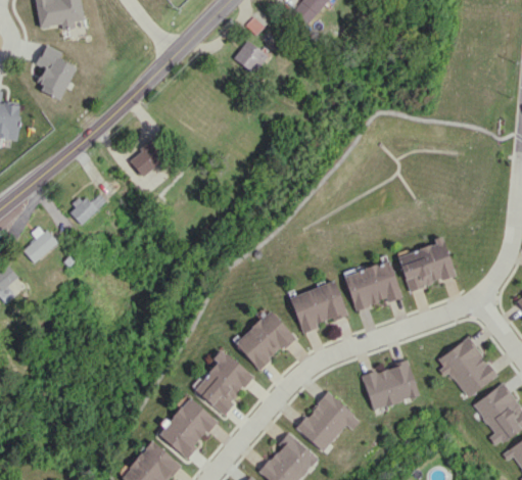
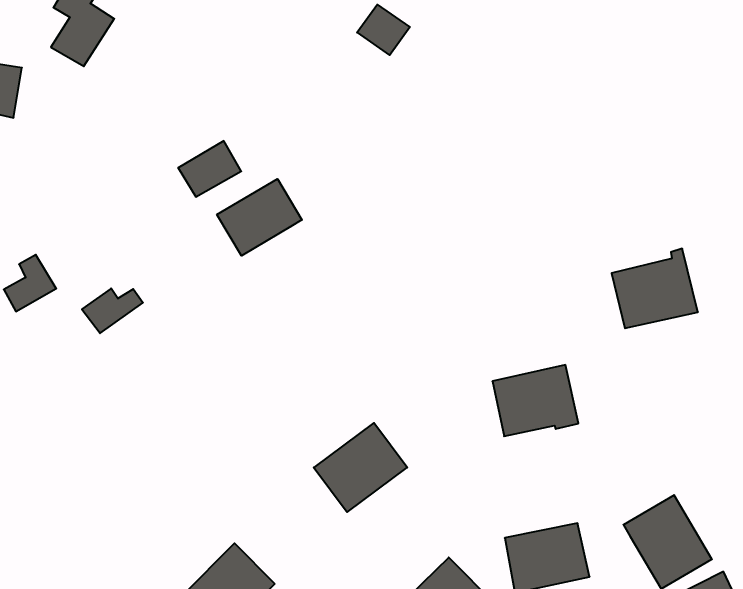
building: none -> [217,179,302,256]
building: [67,194,106,225] -> [82,288,143,333]
building: [396,236,455,291] -> [612,249,698,328]
building: [288,281,346,331] -> none
building: [194,349,253,414] -> none

